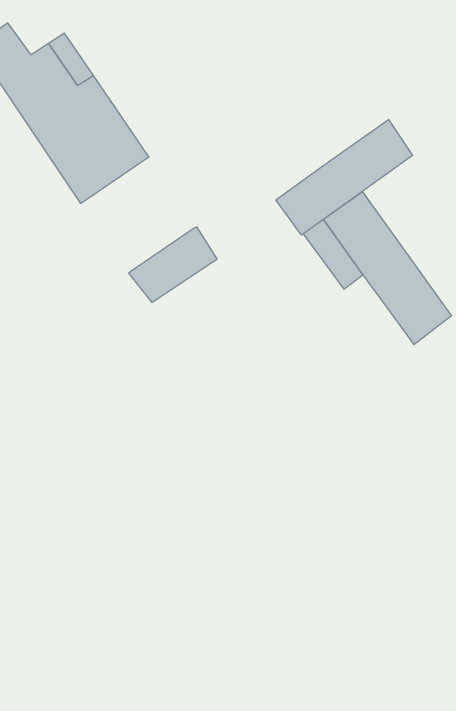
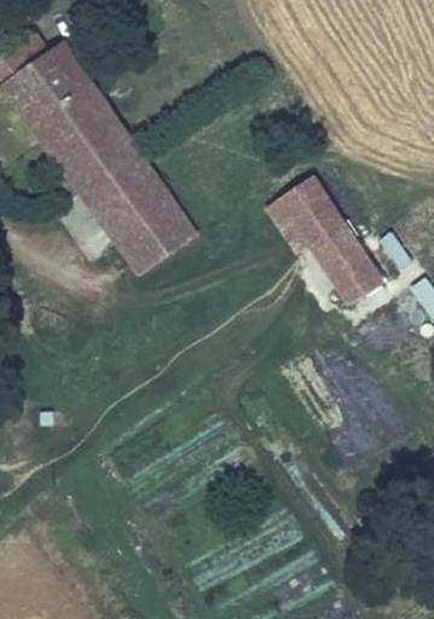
building: [276,119,413,235] -> none
building: none -> [79,147,175,244]

